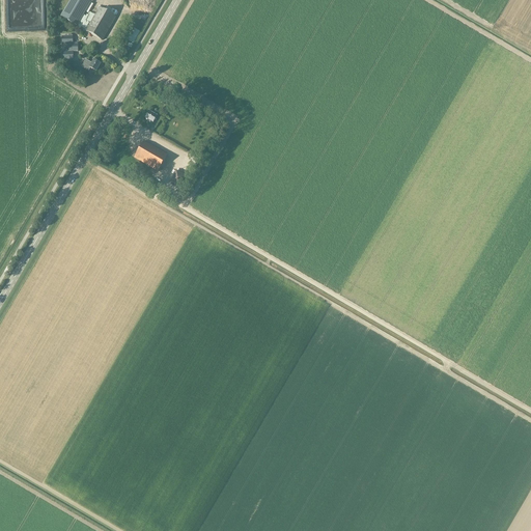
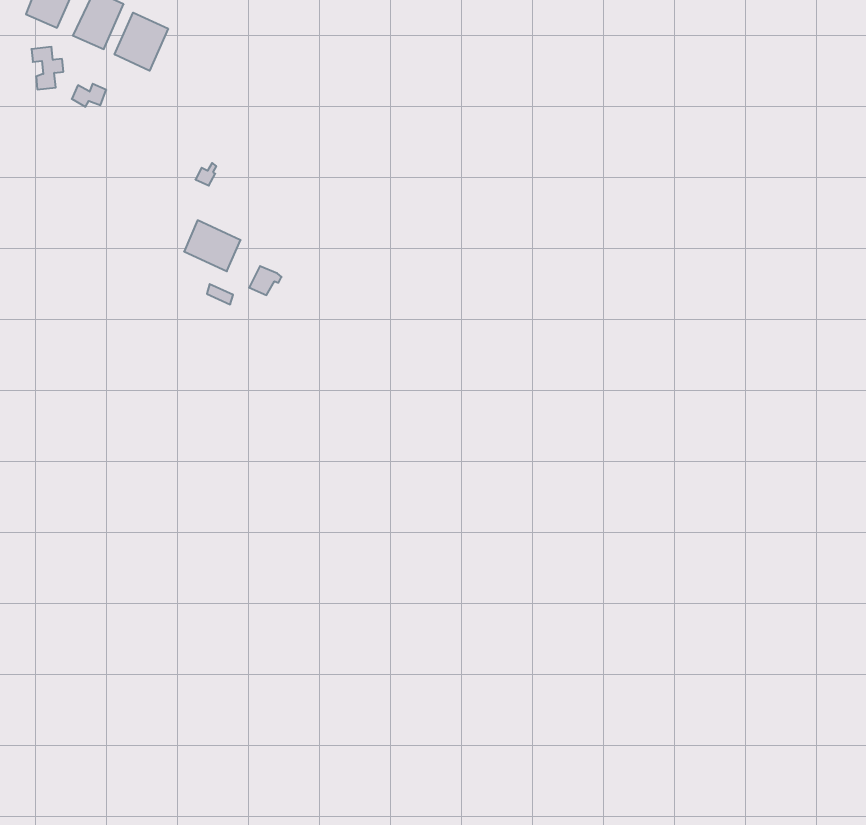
building: none -> [115,13,168,71]

